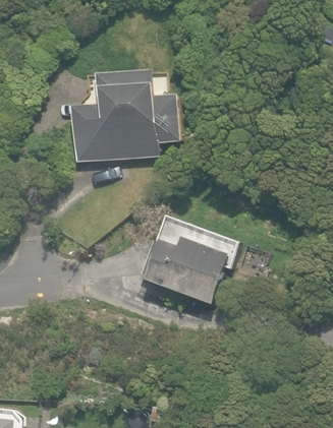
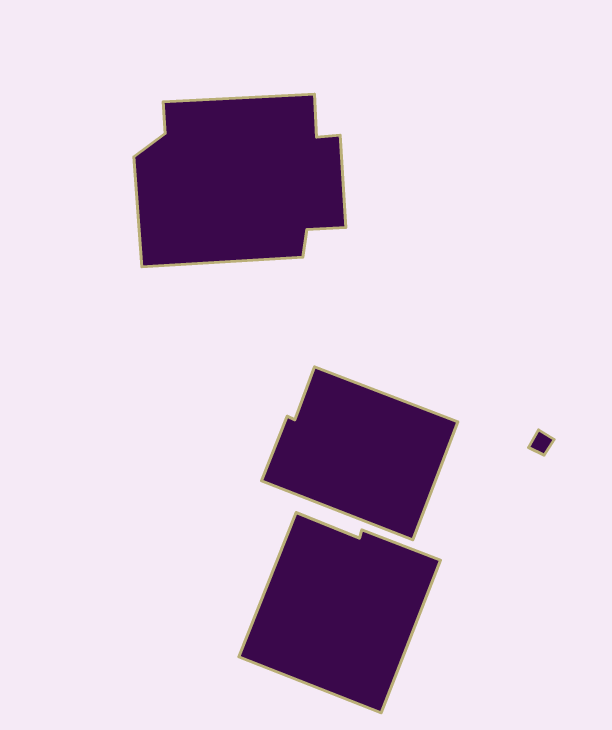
building: none -> [239,513,441,713]

